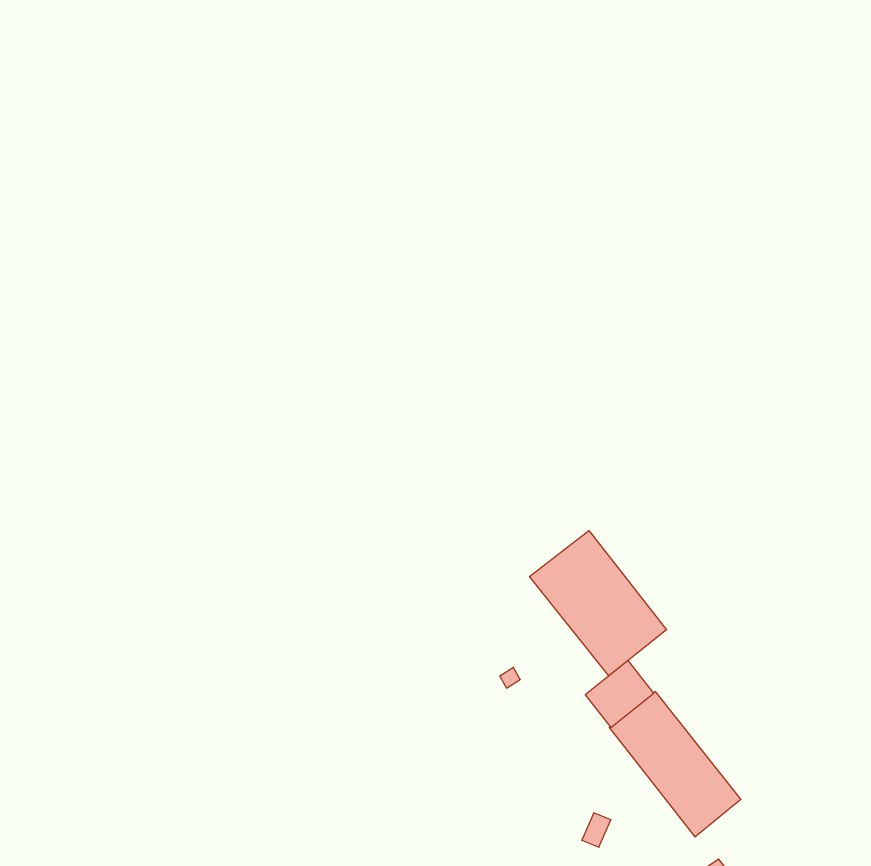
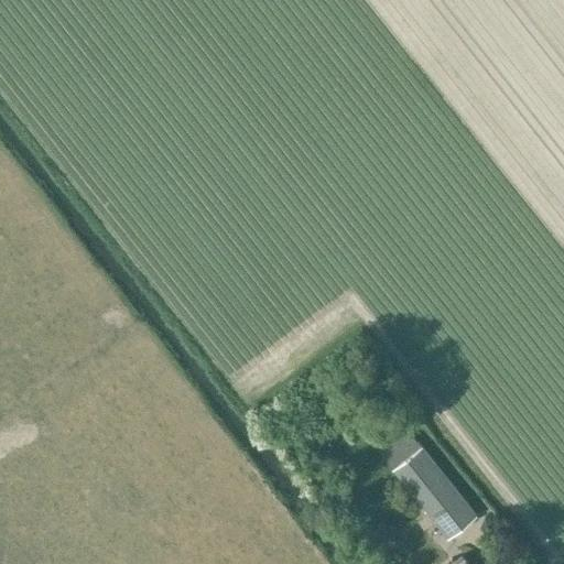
building: [530,531,666,676] -> none

